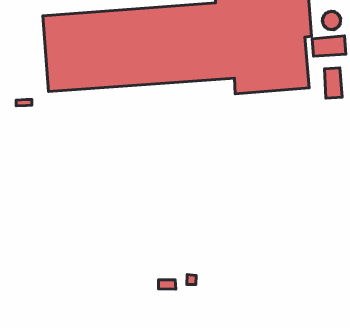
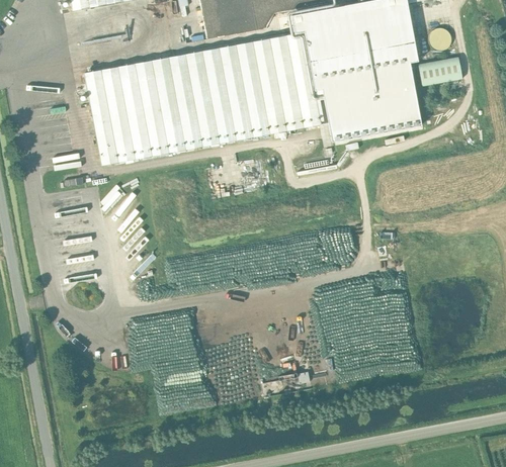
building: [324,68,342,98] -> none

